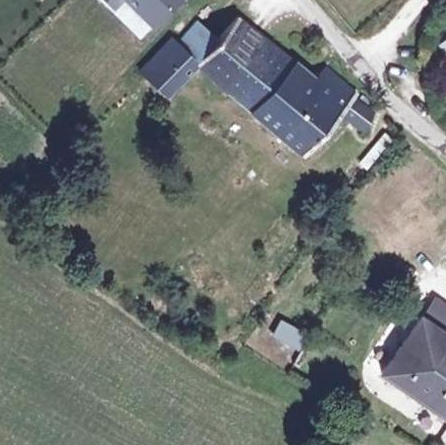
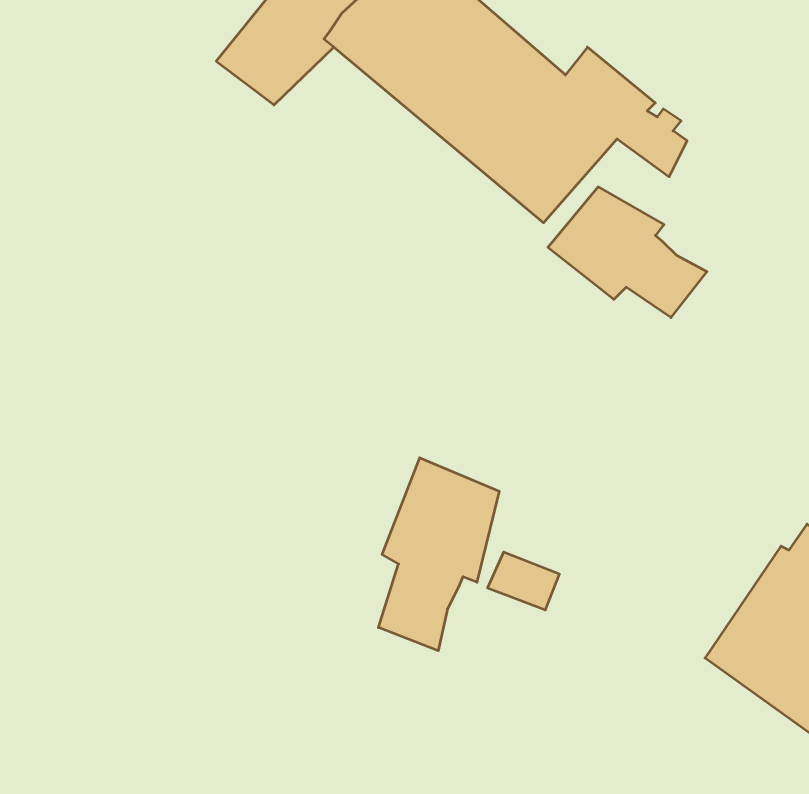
building: none -> [548,187,707,318]
building: none -> [378,458,499,651]

